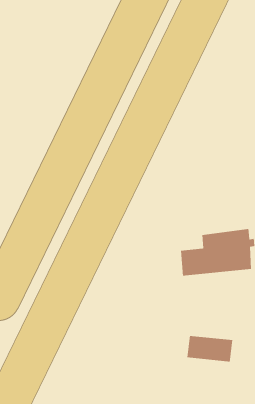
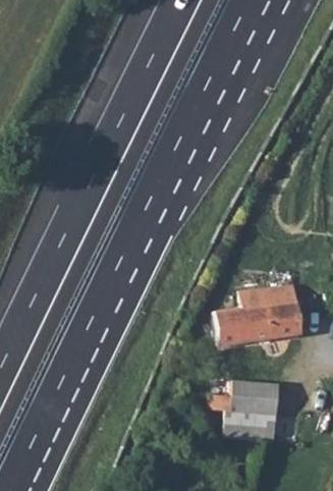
building: none -> [211,379,280,416]

